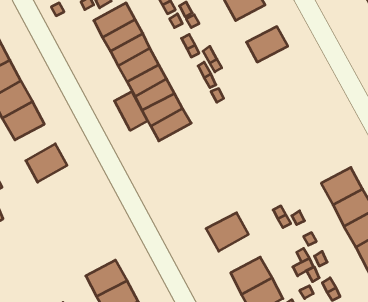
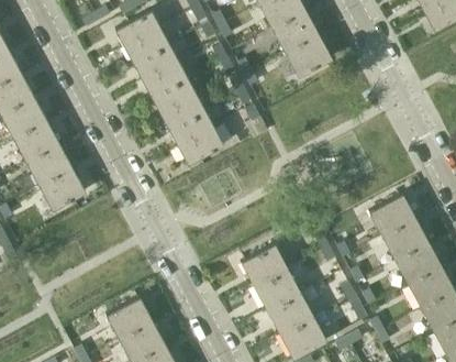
building: none -> [275,13,321,55]
building: [114,91,148,130] -> none
building: none -> [29,146,74,187]
building: none -> [256,270,302,312]

